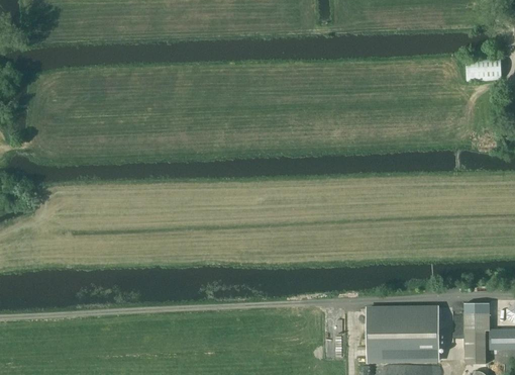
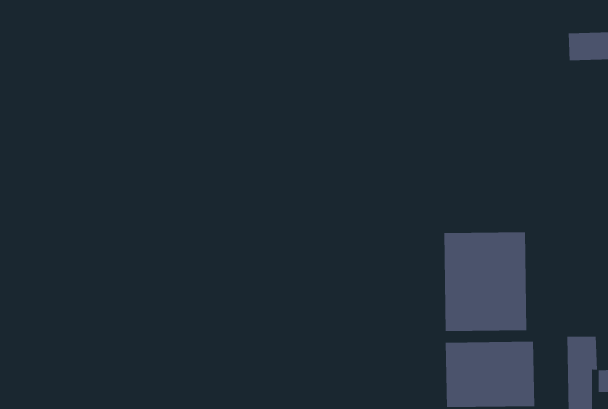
building: none -> [444,232,527,332]

